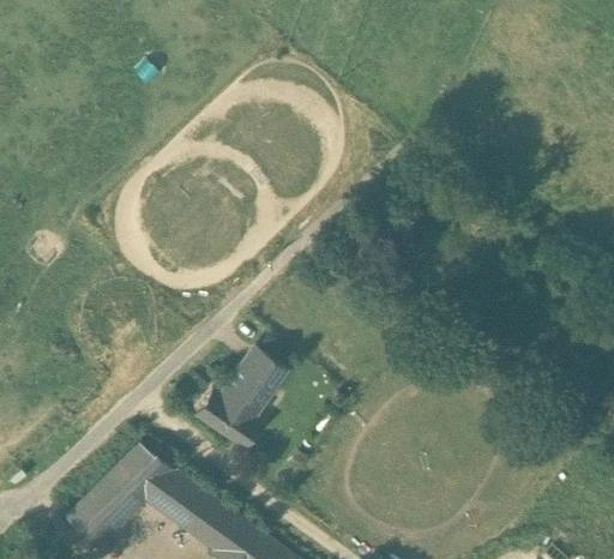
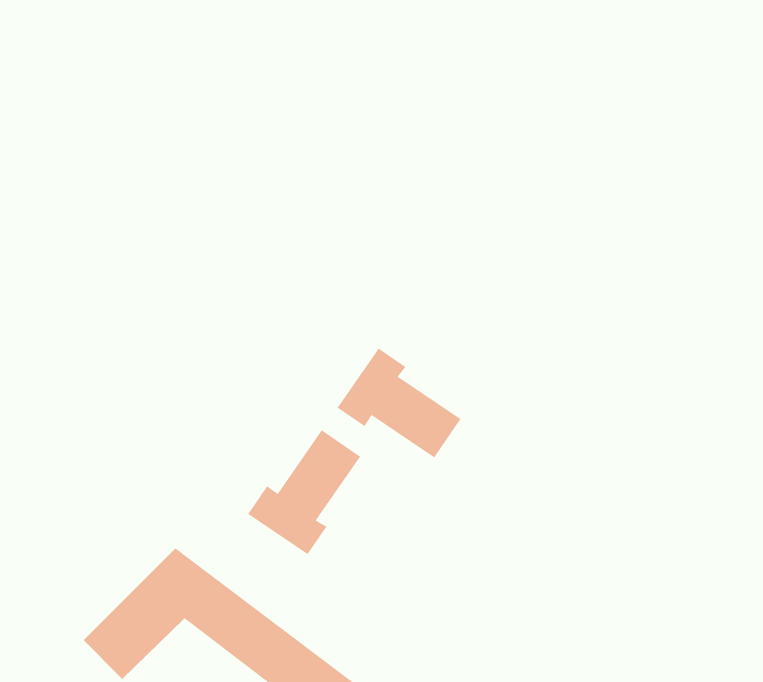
building: none -> [337,348,461,458]

